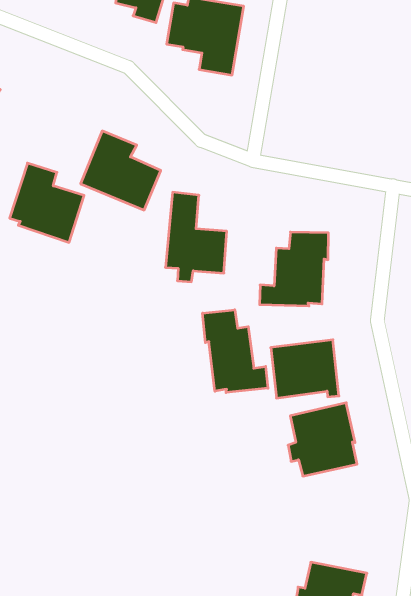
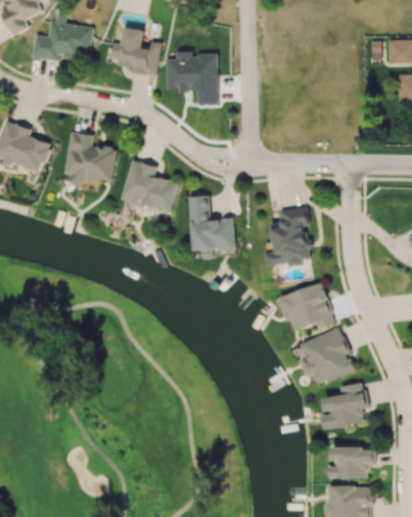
building: [10,163,84,242] -> [64,132,116,184]
building: [203,310,268,393] -> none
building: none -> [321,382,367,429]

